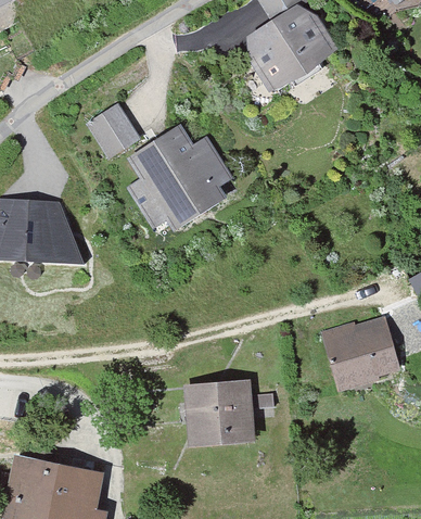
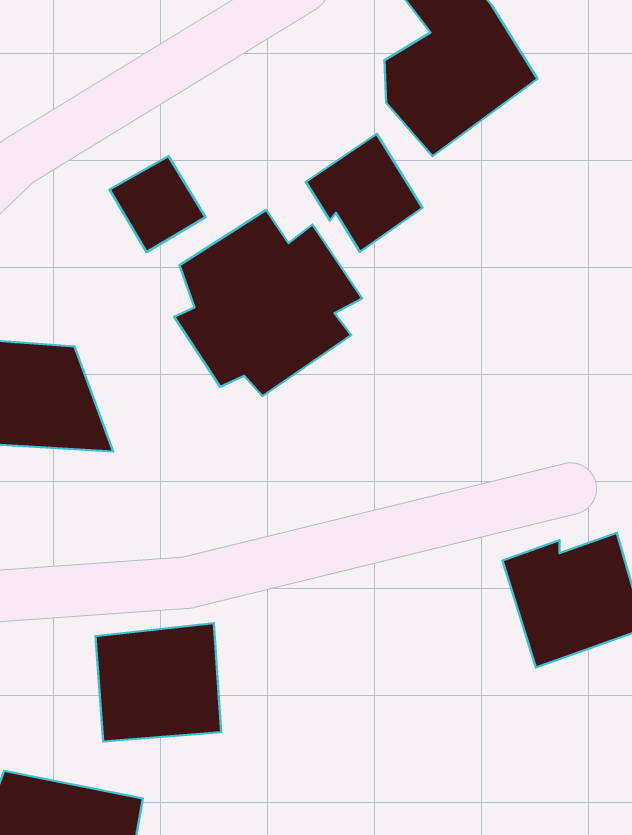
building: none -> [306,134,422,252]
building: [184,379,258,448] -> [96,623,221,741]

